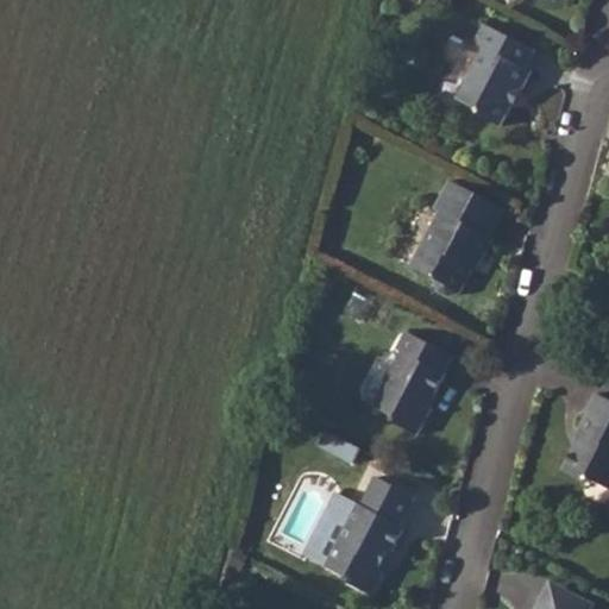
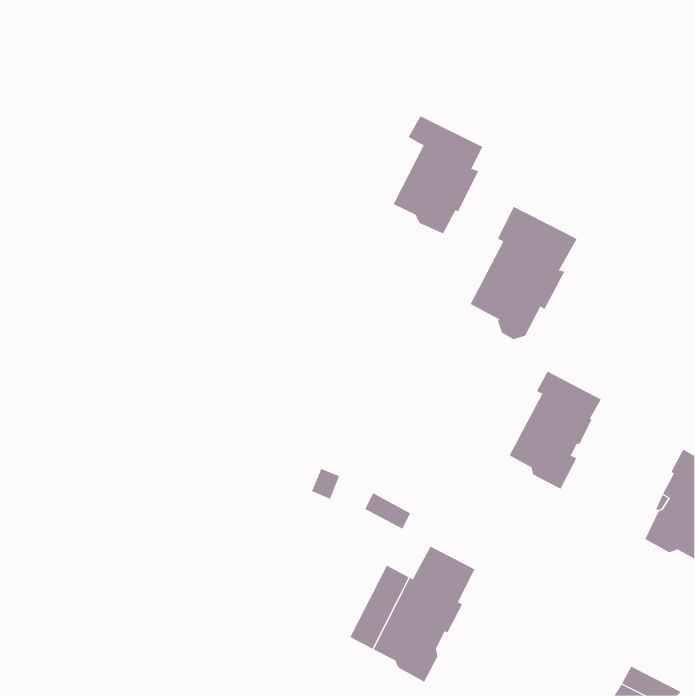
building: [456,21,534,125] -> [393,115,483,234]
building: [371,331,452,434] -> [509,371,602,489]

